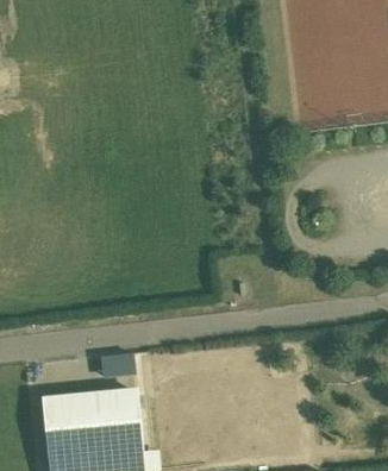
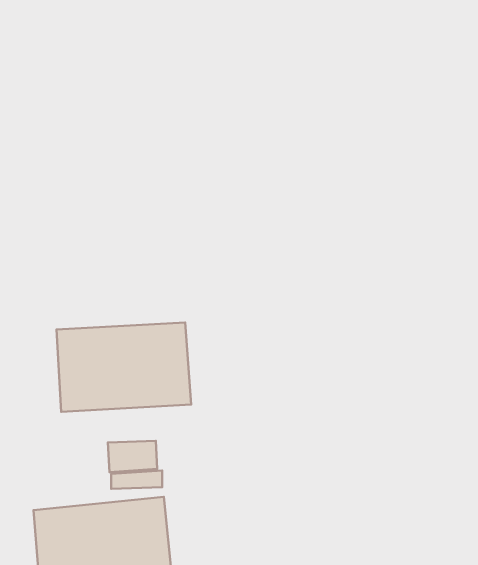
building: none -> [57,323,191,412]

